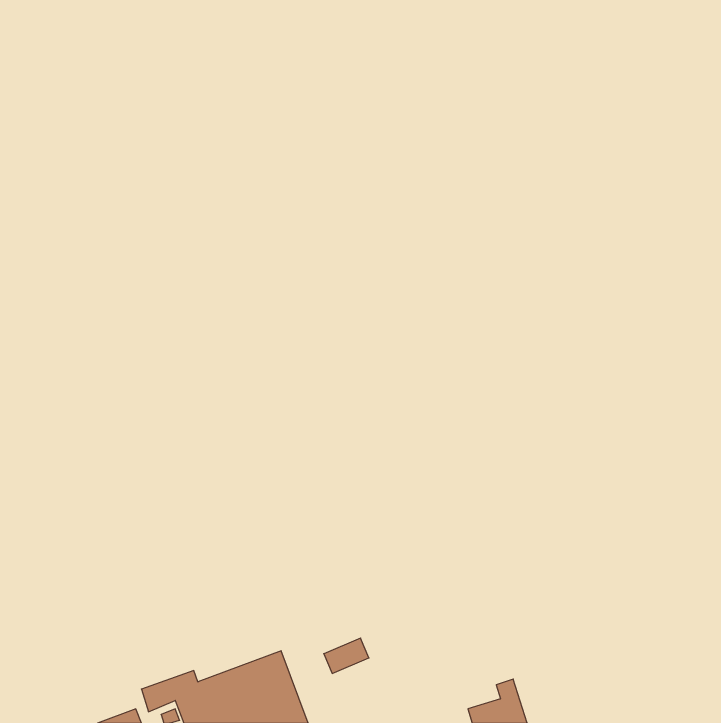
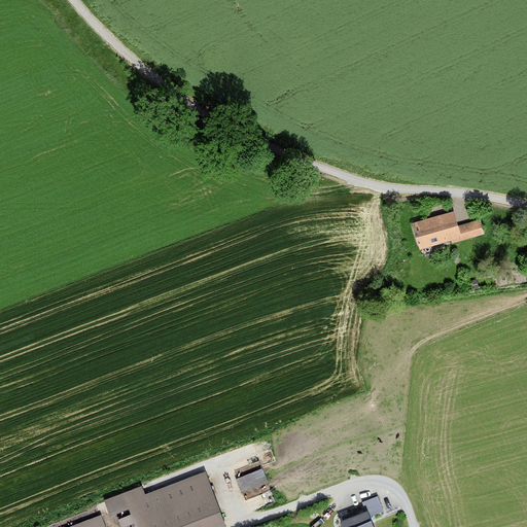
building: none -> [413,212,480,250]

